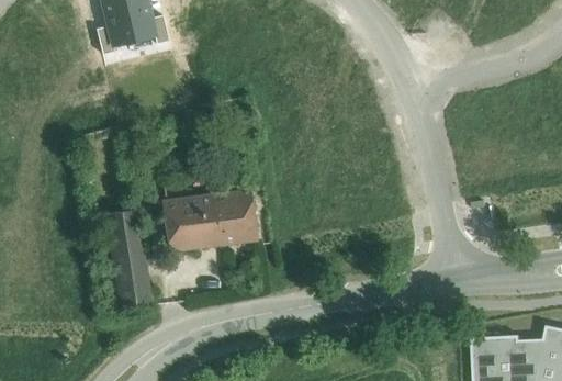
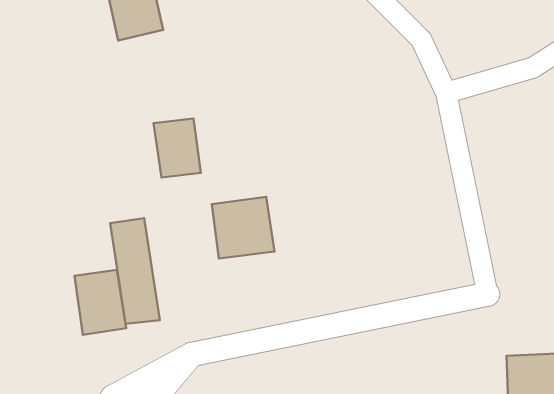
building: [162,197,206,251] -> [153,118,201,178]
building: none -> [75,270,126,335]

